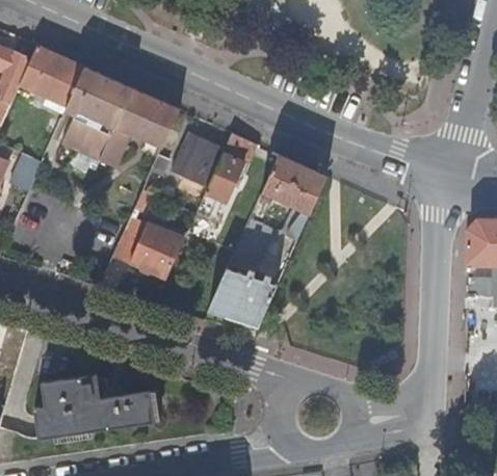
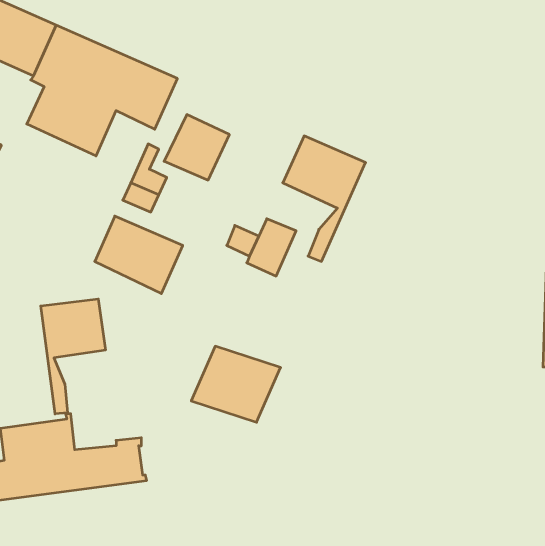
building: [197,134,251,215] -> none
building: [208,267,278,326] -> [191,346,281,422]
building: none -> [41,299,105,414]

